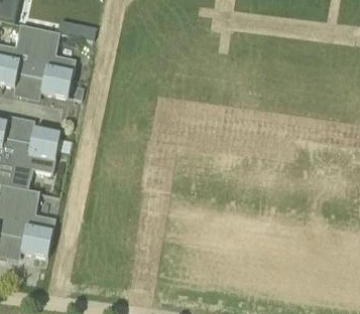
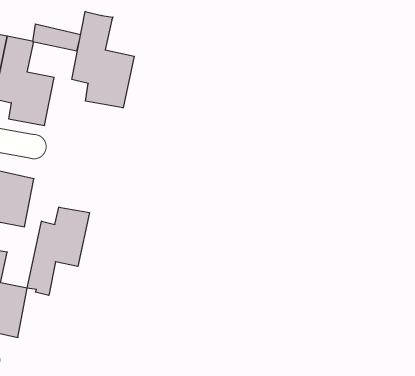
building: none -> [72,11,134,108]
building: none -> [27,207,89,295]

